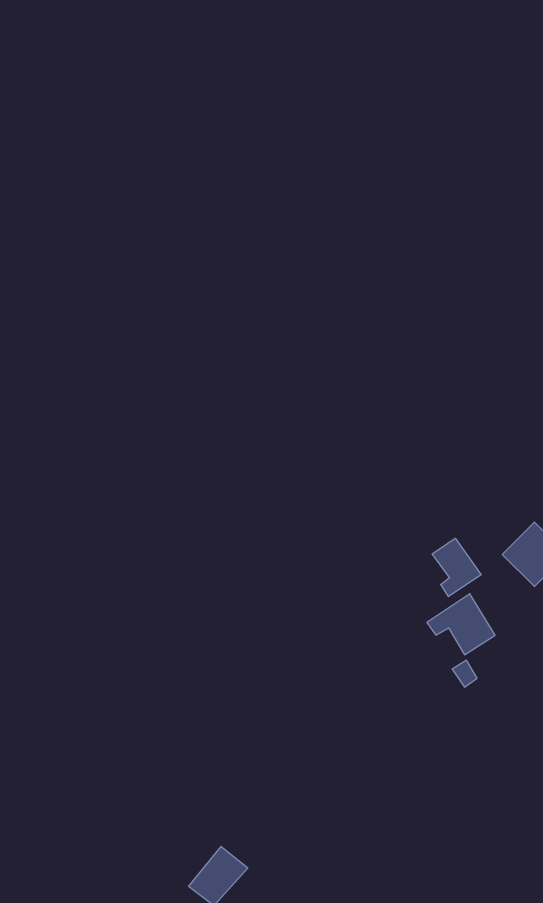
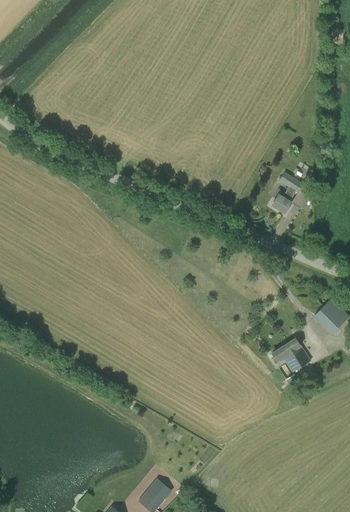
building: none -> [271,171,303,213]
building: [432,538,481,597] -> none

